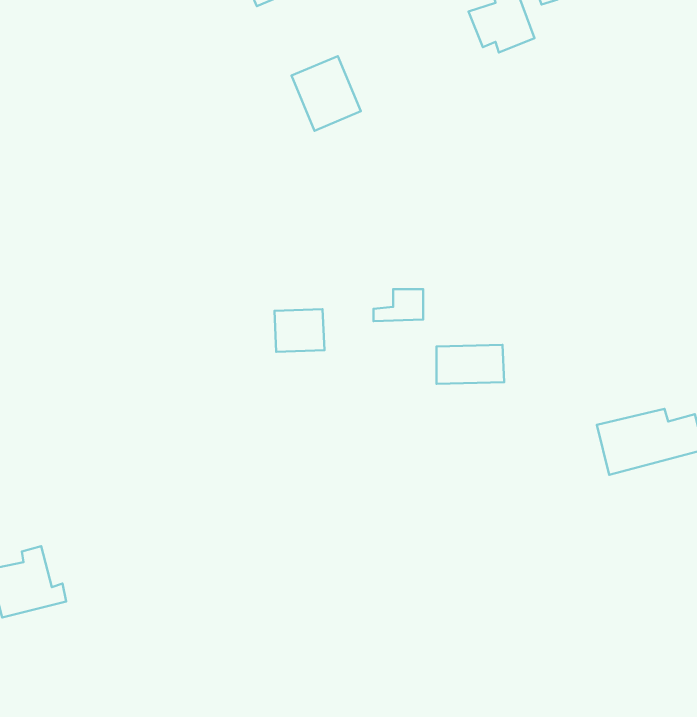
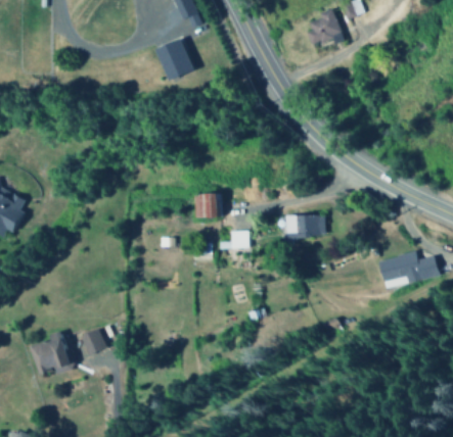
building: [291,56,361,131] -> [153,38,193,81]
building: [373,289,423,321] -> [220,231,248,249]
building: none -> [81,327,105,353]

